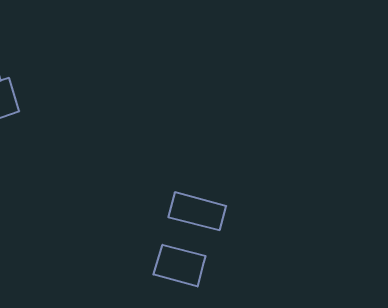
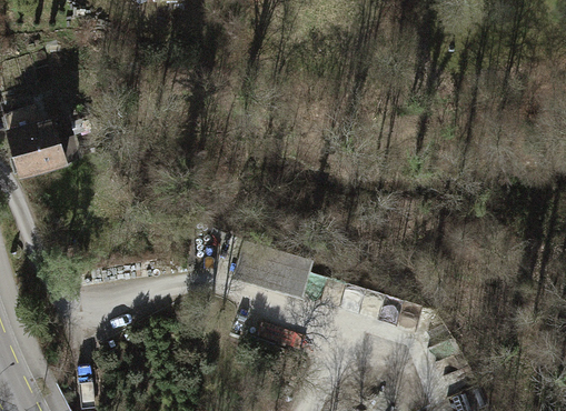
building: [153,245,206,287] -> none

